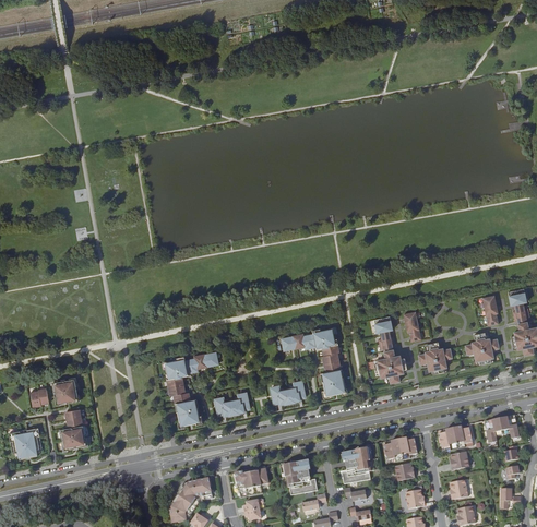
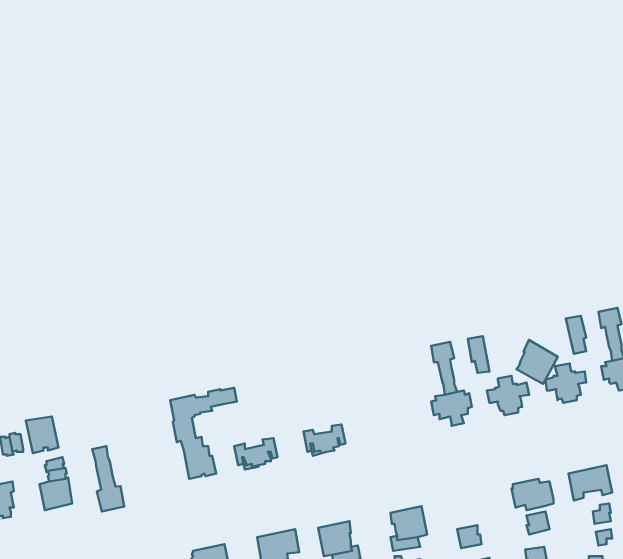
building: none -> [516,340,558,384]
building: [282,327,346,396] -> none
building: none -> [92,446,124,511]
building: [384,435,418,462] -> none

